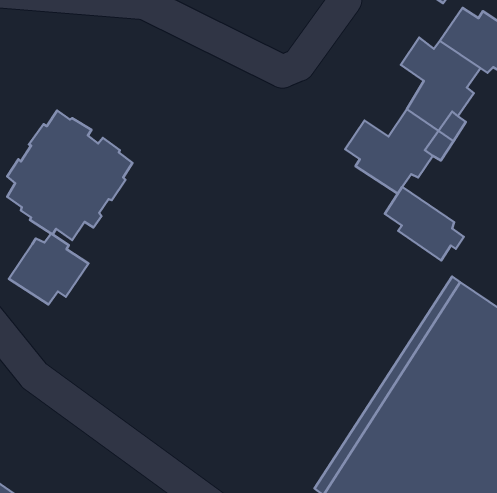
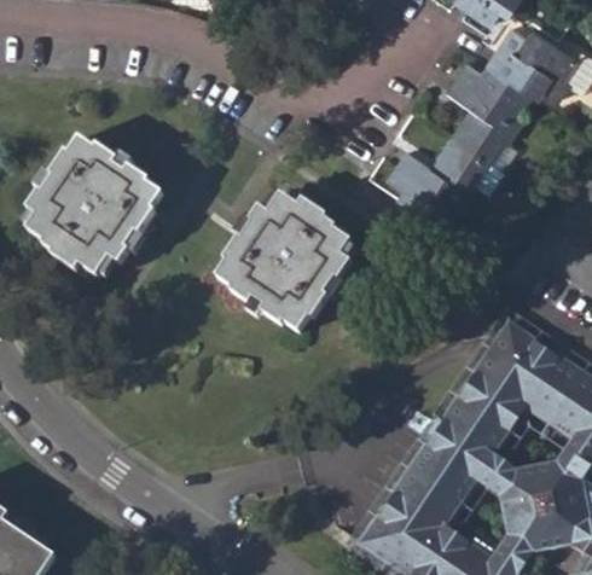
building: none -> [217,196,353,335]
building: [385,187,464,260] -> none
building: [9,234,88,305] -> none

